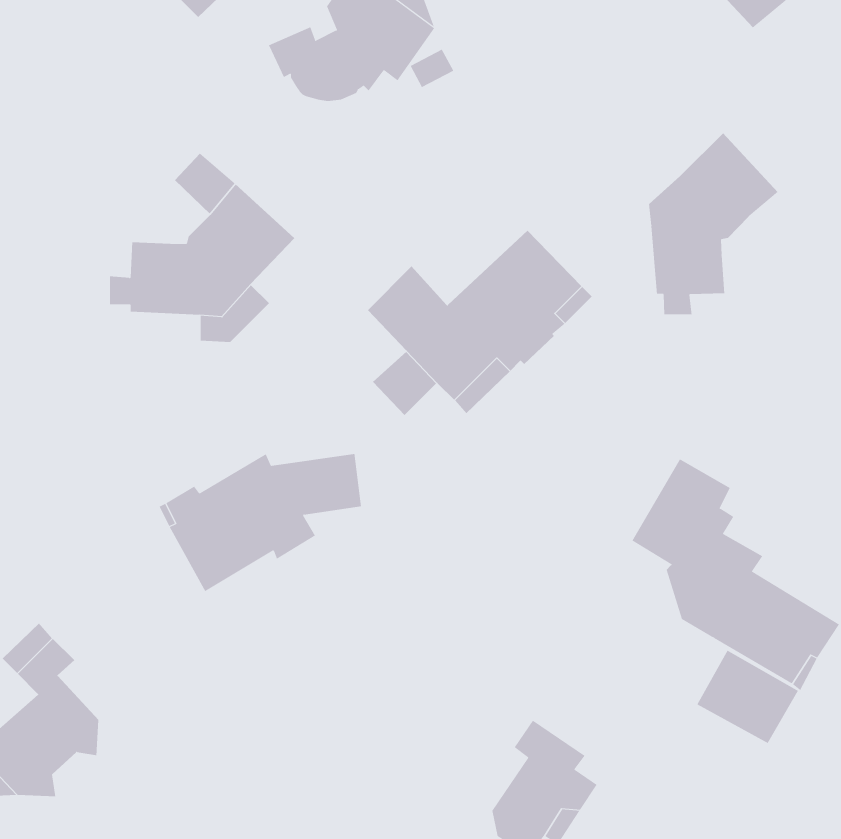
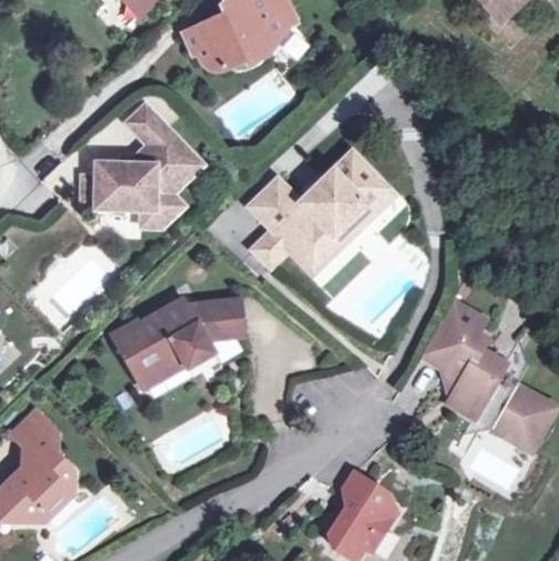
building: [649,133,779,315] -> none

